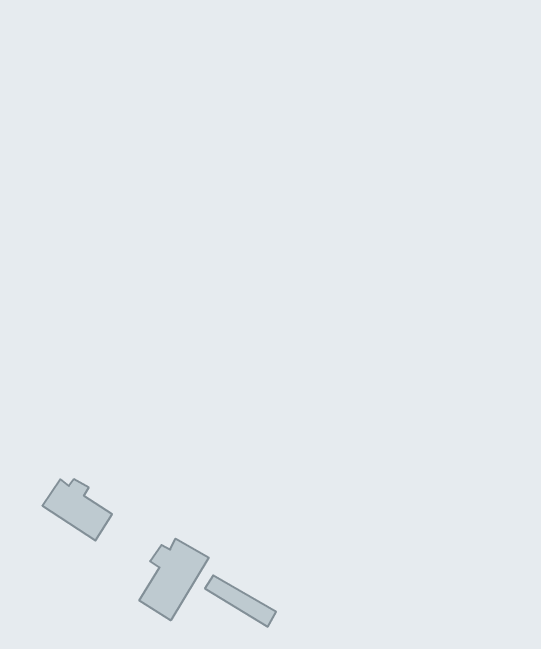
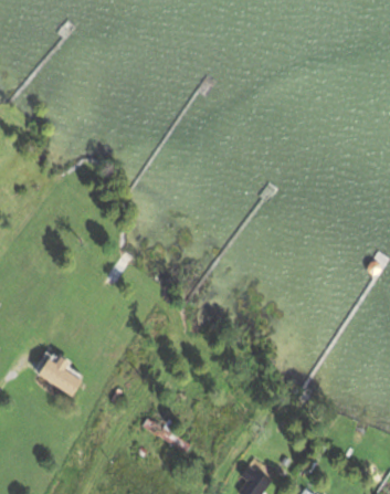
building: [139,539,209,620] -> none

